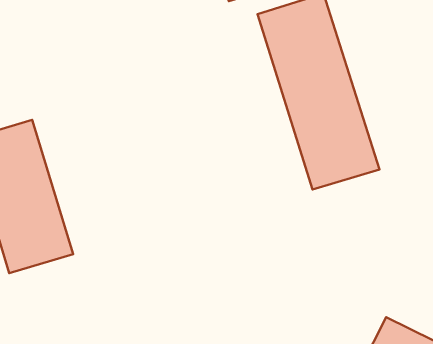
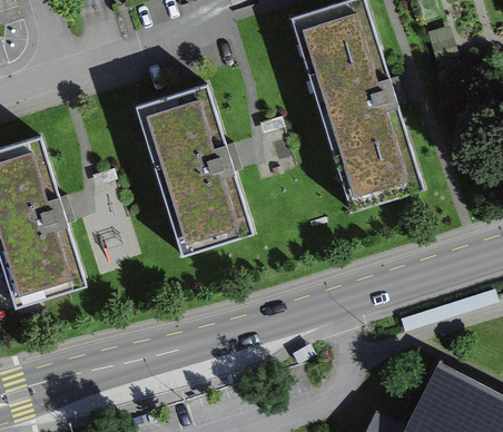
building: none -> [136,87,254,258]

